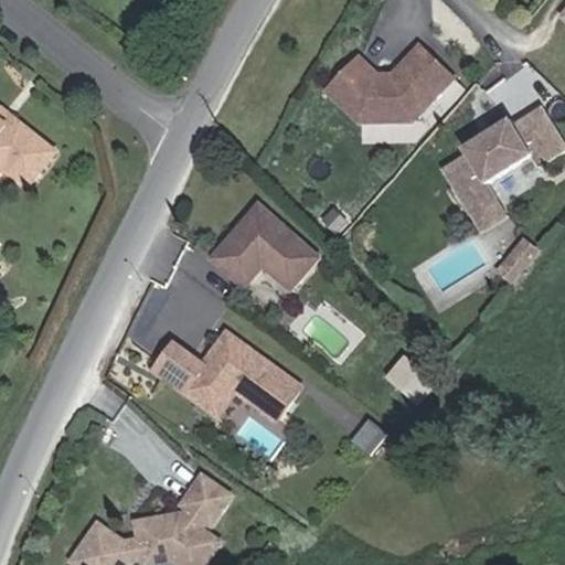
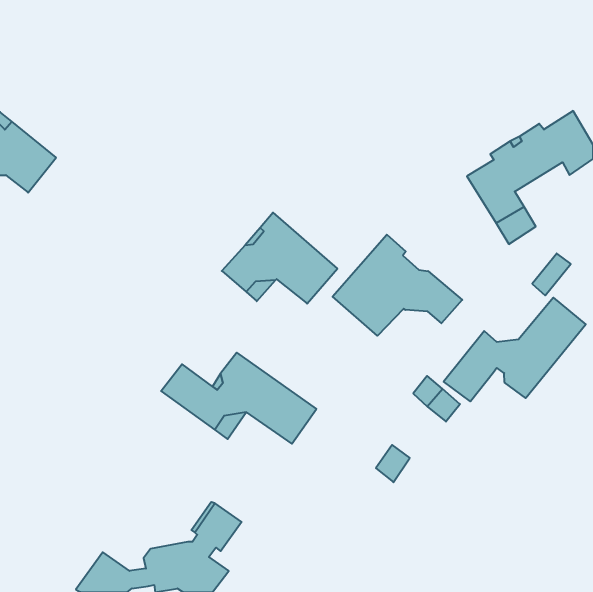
building: [326,45,450,120] -> none
building: none -> [333,235,462,336]
building: none -> [444,298,586,401]

